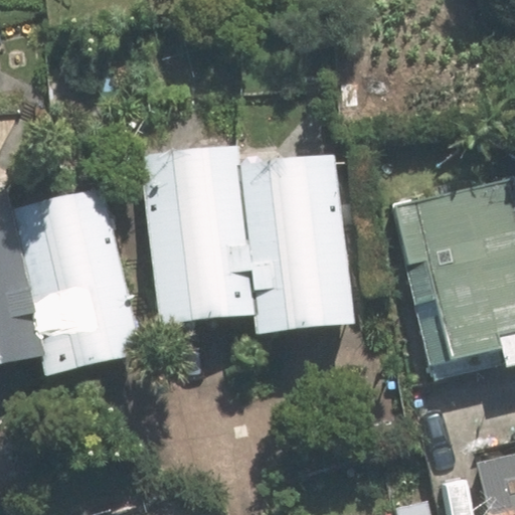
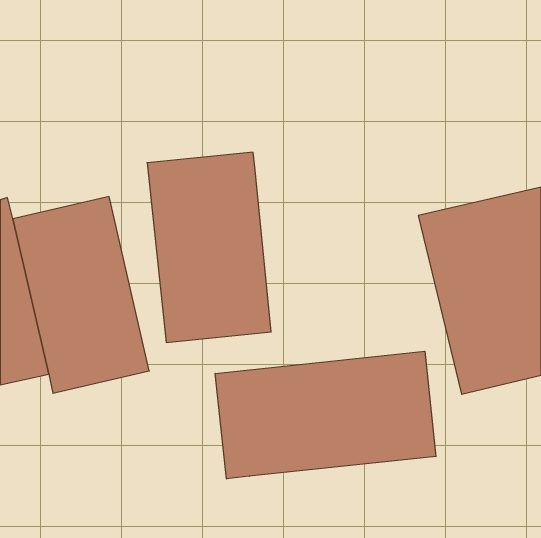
building: [242,153,353,333] -> none
building: none -> [215,351,436,479]

